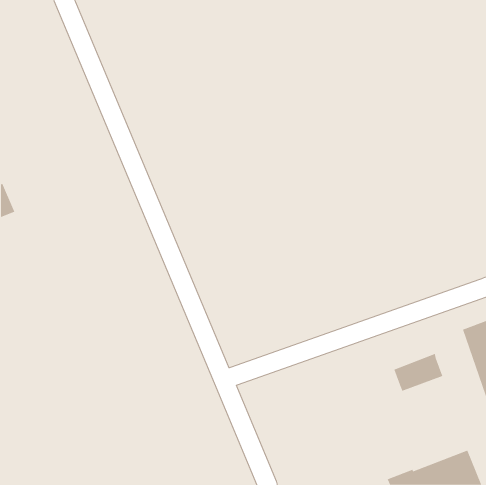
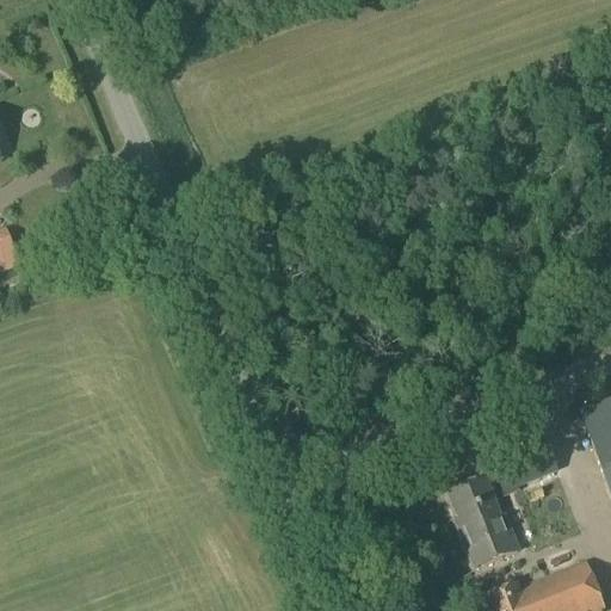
building: none -> [450,481,519,568]

